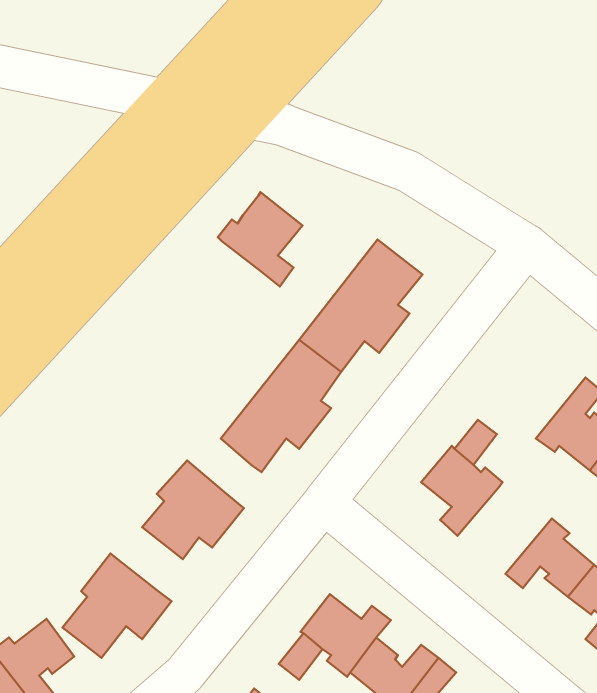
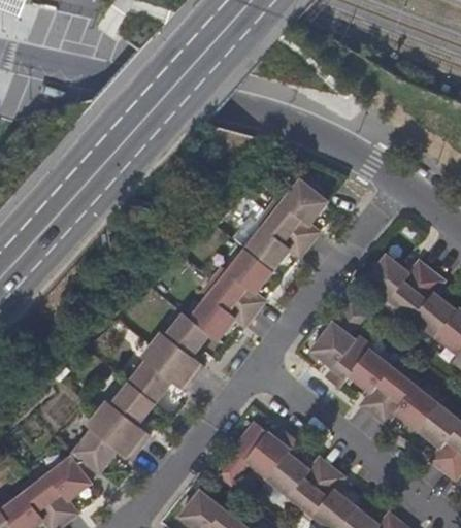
building: [218,192,303,286] -> none
building: none -> [375,262,441,321]
building: none -> [159,316,204,360]
building: none -> [361,355,418,417]
building: none -> [109,384,156,429]

